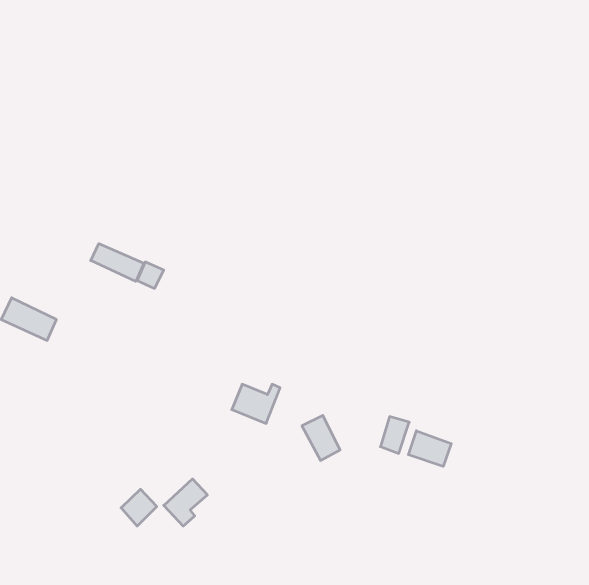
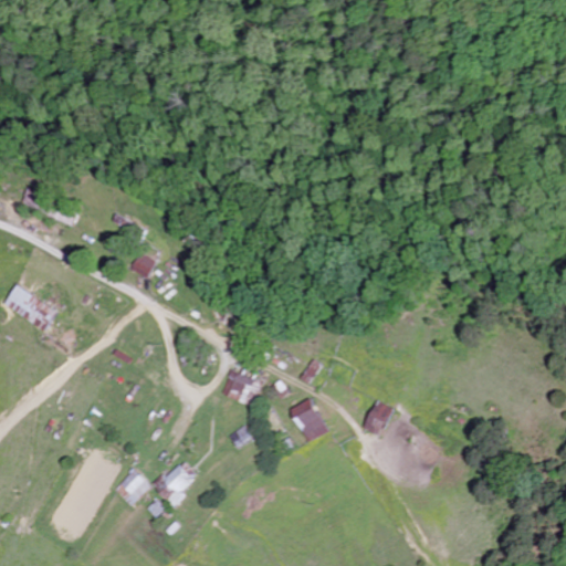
building: [91,244,144,281] -> none
building: [408,431,451,466] -> none

